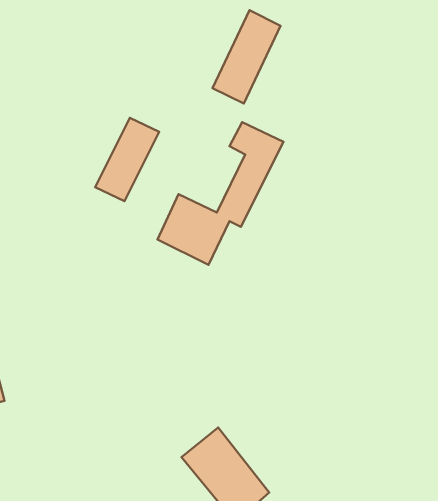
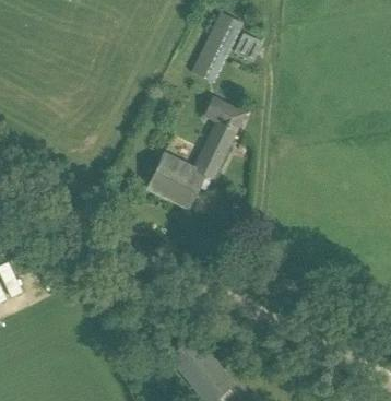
building: [95,118,159,201] -> none

